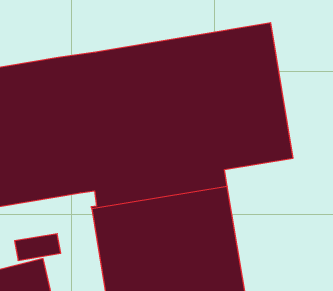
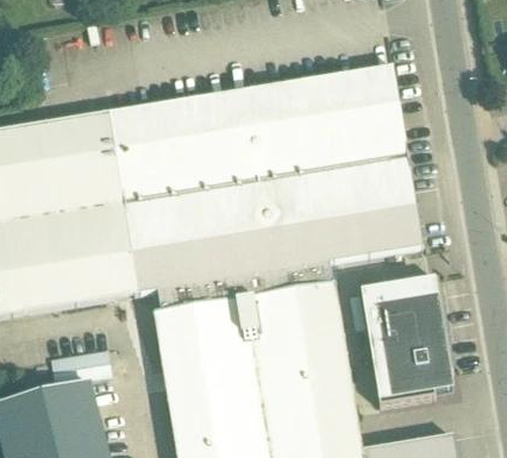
building: none -> [359,277,452,406]

